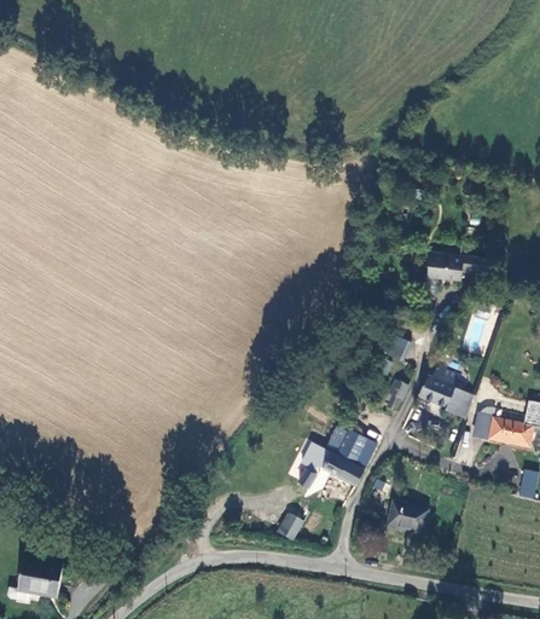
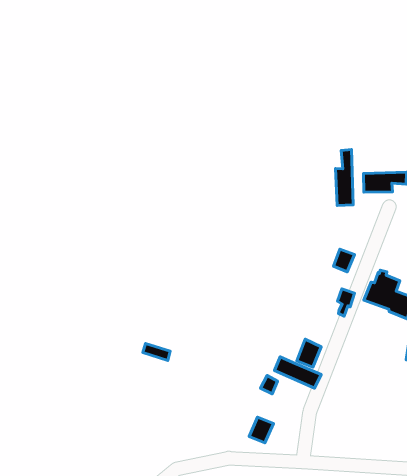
building: none -> [335,150,353,205]
building: [387,505,426,537] -> none

